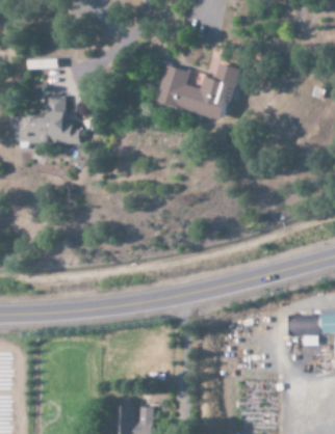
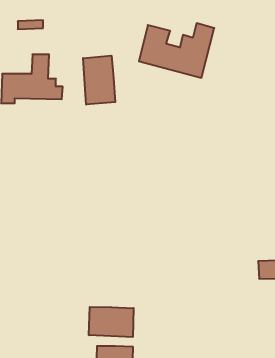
building: none -> [83,56,115,105]
building: none -> [89,307,134,337]

